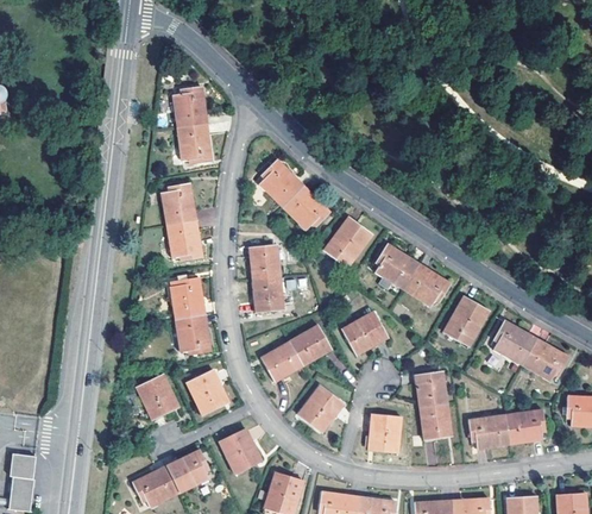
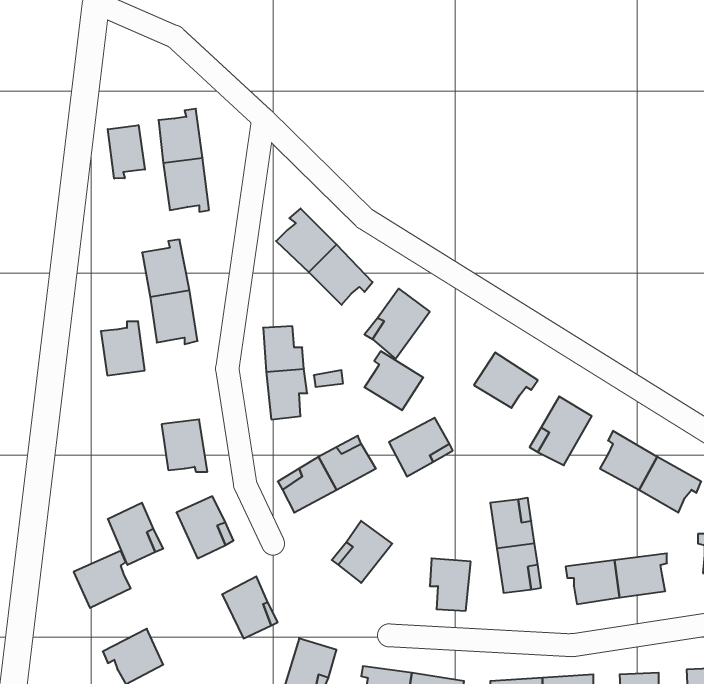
building: none -> [108,125,145,179]
building: [376,245,418,288] -> [364,351,423,410]
building: [171,277,203,316] -> [101,321,145,375]
building: [165,450,207,491] -> [74,551,131,608]

